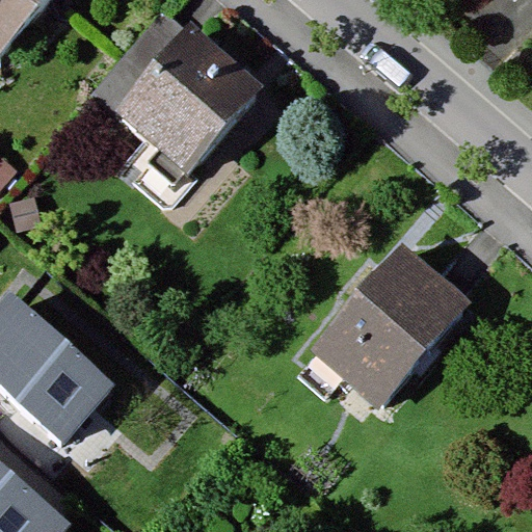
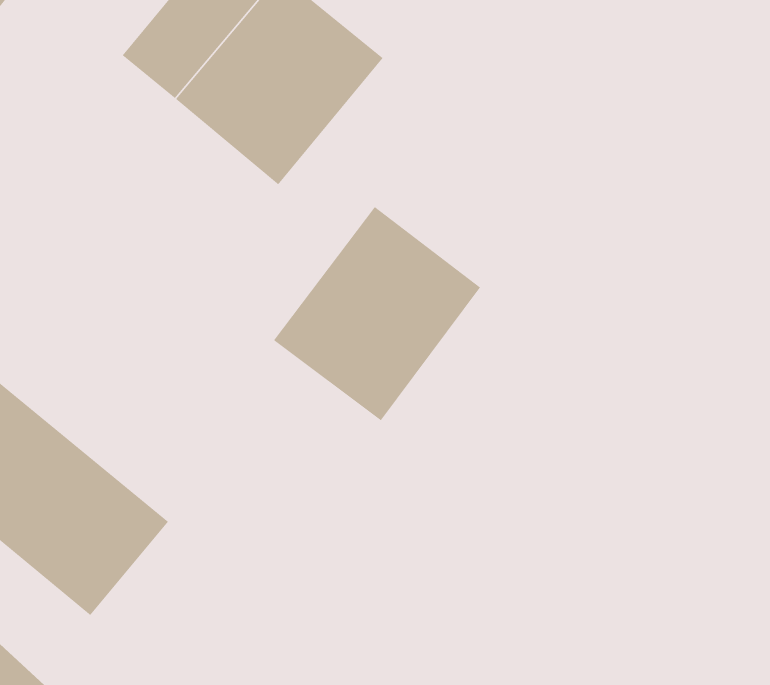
building: none -> [273,206,481,421]
building: [315,248,468,408] -> none

